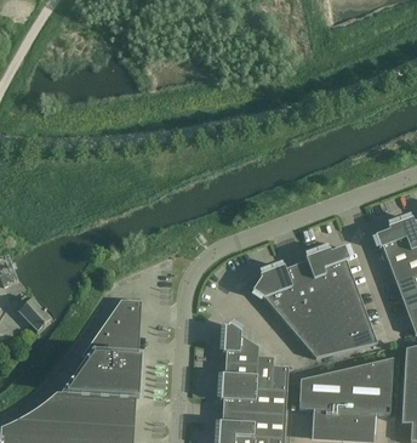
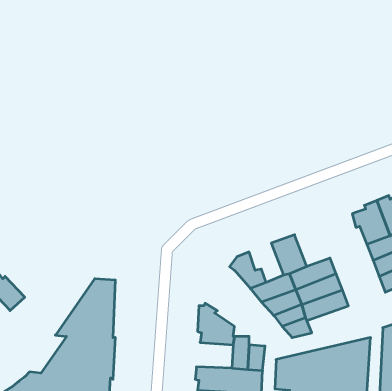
building: [318,246,353,286] -> none
building: [273,263,307,302] -> none
building: [330,325,377,352] -> none
building: [221,362,257,387] -> none

